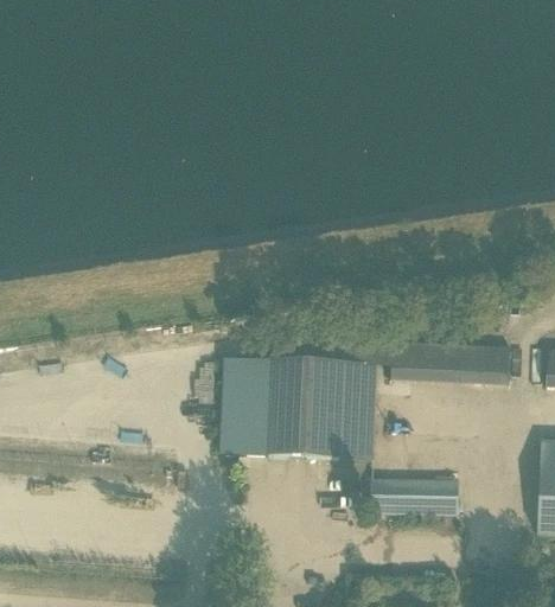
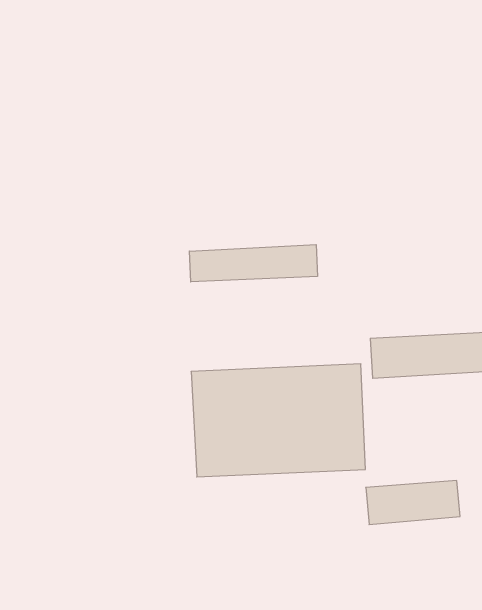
building: none -> [189,245,317,282]

